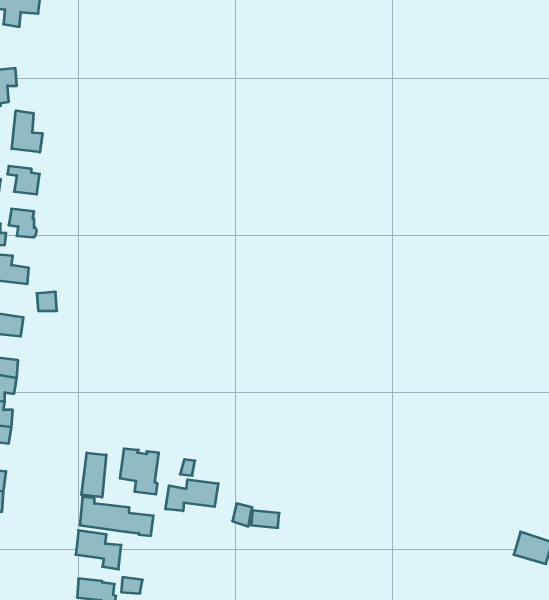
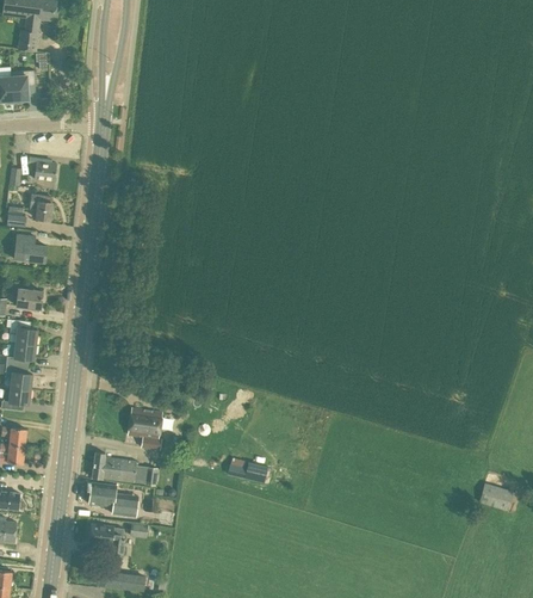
building: [12,111,42,152] -> none
building: [81,453,106,497] -> none
building: [165,480,218,511] -> none

